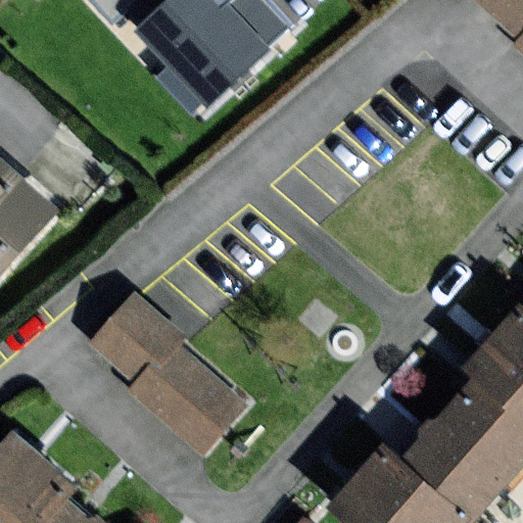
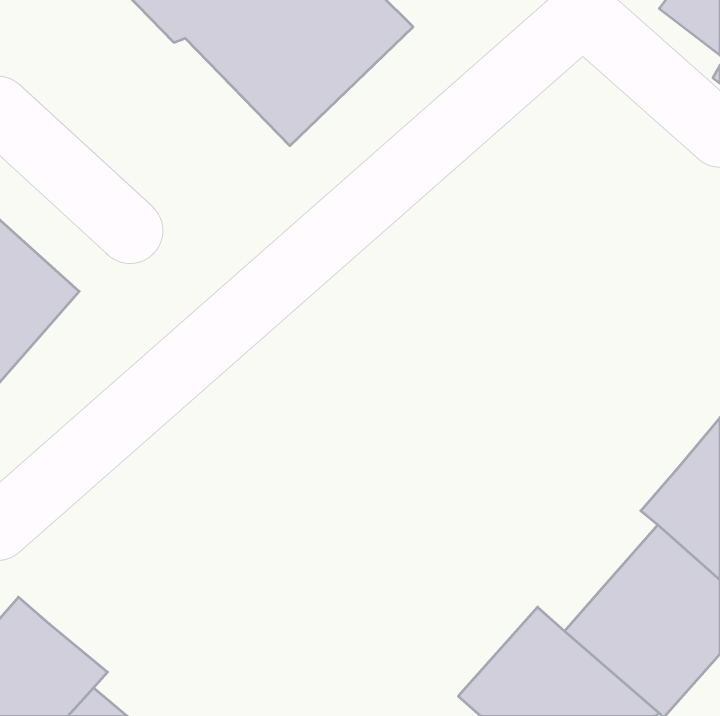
building: [93,294,248,457] -> none

